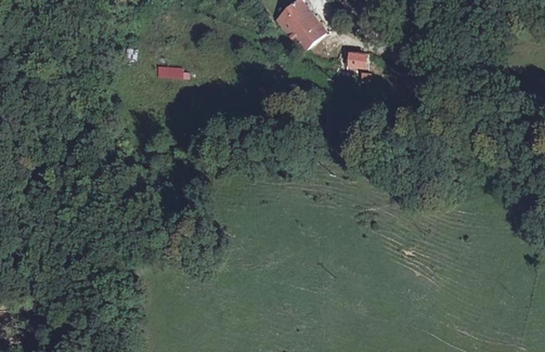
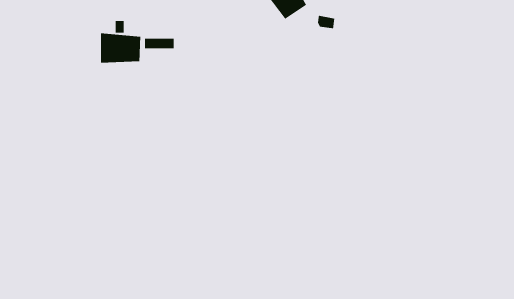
building: none -> [100,32,141,63]

